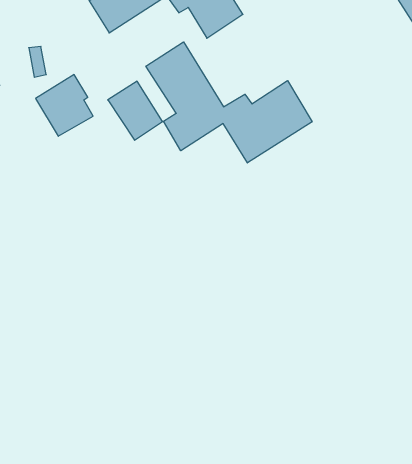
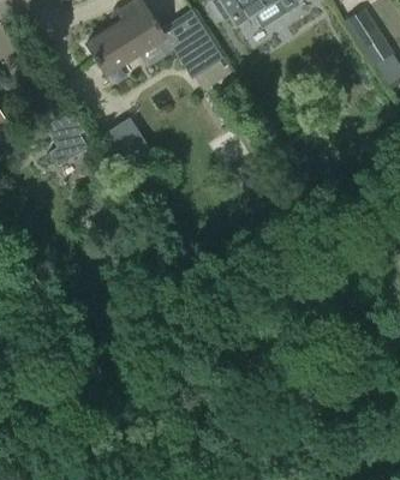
building: [146,42,312,163] -> none

